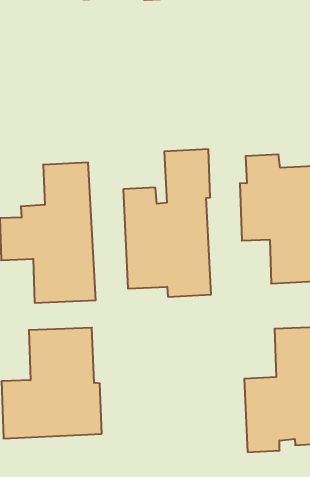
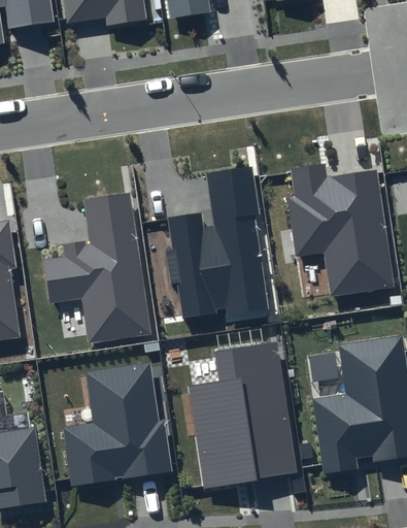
building: none -> [188,340,298,488]

